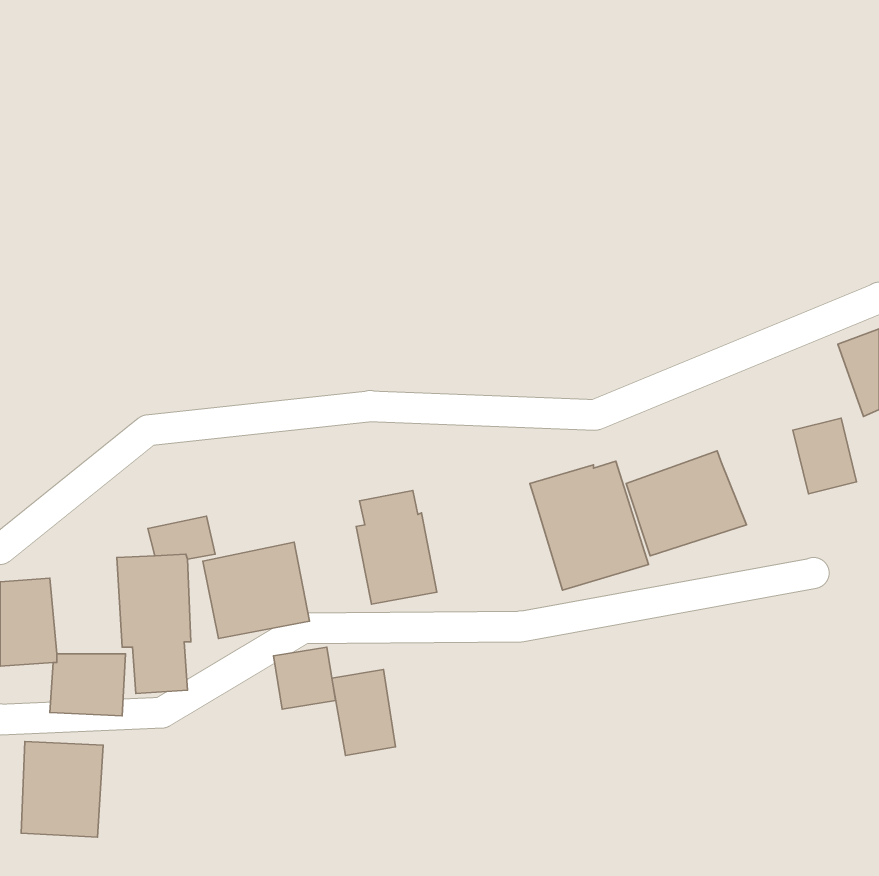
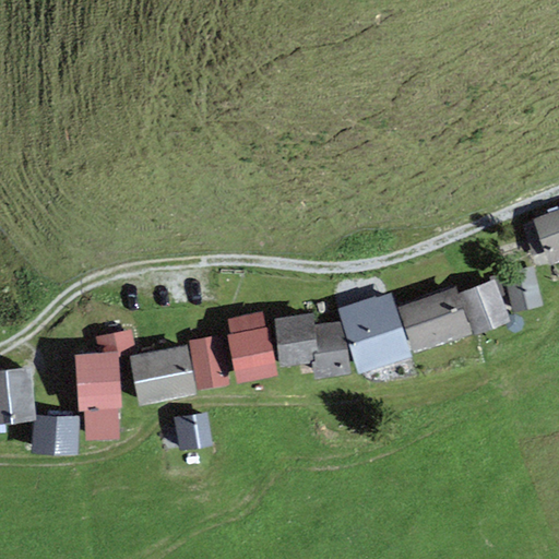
building: none -> [457,278,510,335]
building: none -> [274,312,350,379]
building: [332,670,395,756] -> [189,334,229,389]
building: [21,742,103,837] -> none

